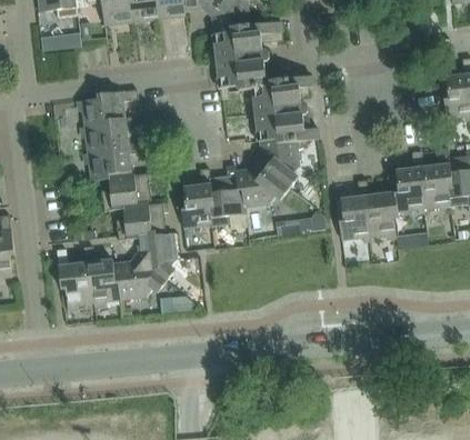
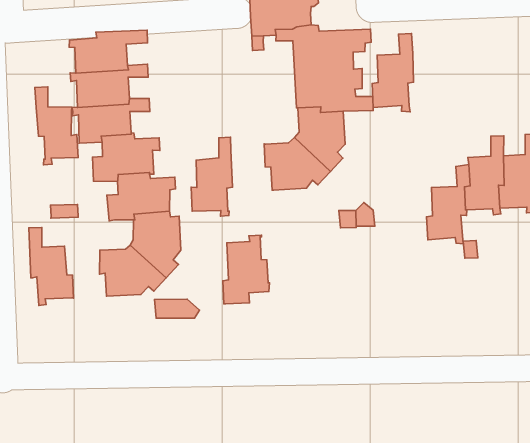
building: [209,169,246,224] -> [223,235,270,304]
building: [339,179,371,240] -> [372,34,414,112]
building: [83,244,121,306] -> [35,87,78,165]

